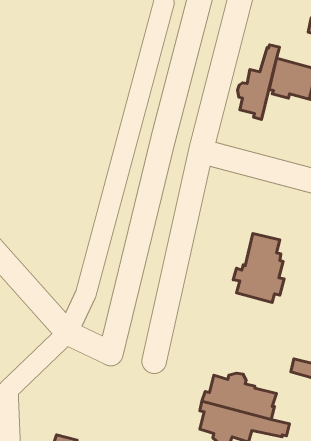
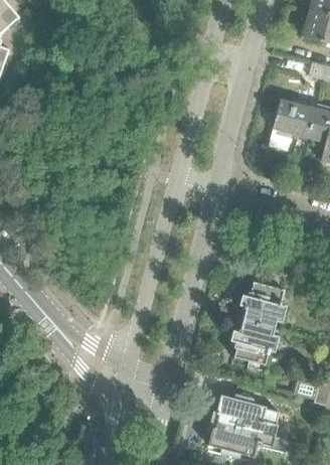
building: [237,45,280,120] -> none
building: none -> [230,317,279,371]

